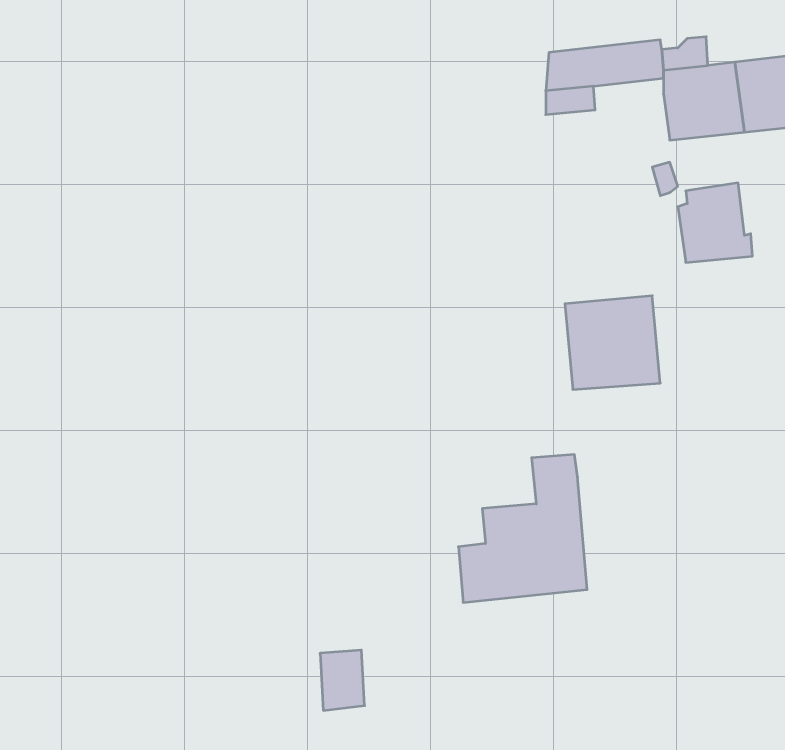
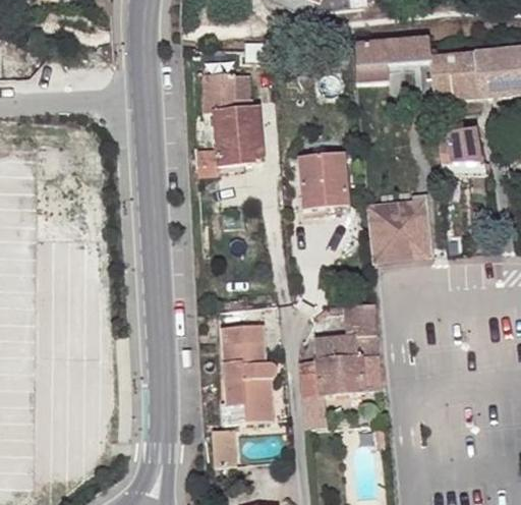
building: none -> [201,66,265,166]
building: none -> [298,153,350,210]
building: none -> [221,324,277,420]

